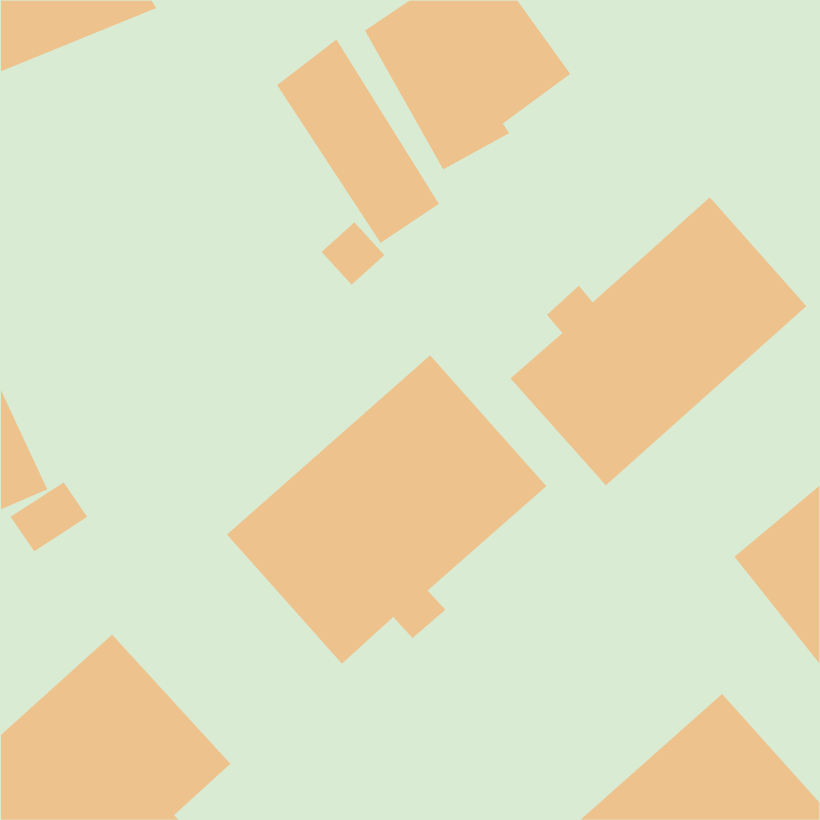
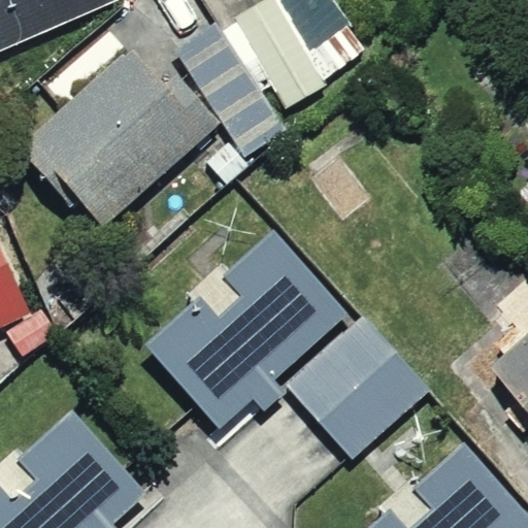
building: none -> [16,46,221,225]
building: [510,197,807,486] -> none
building: none -> [285,317,429,459]

